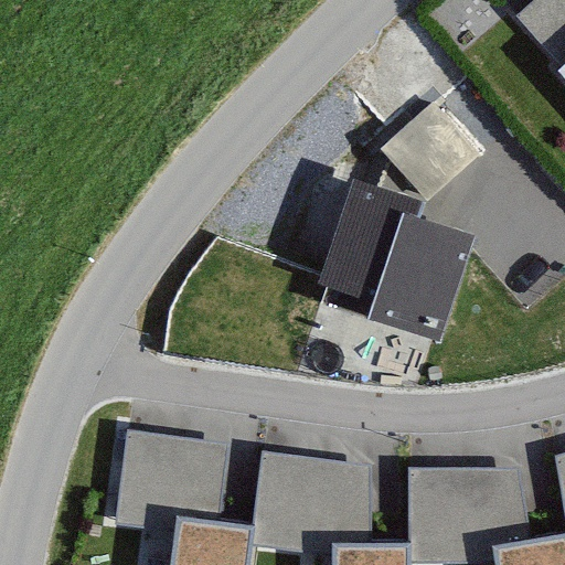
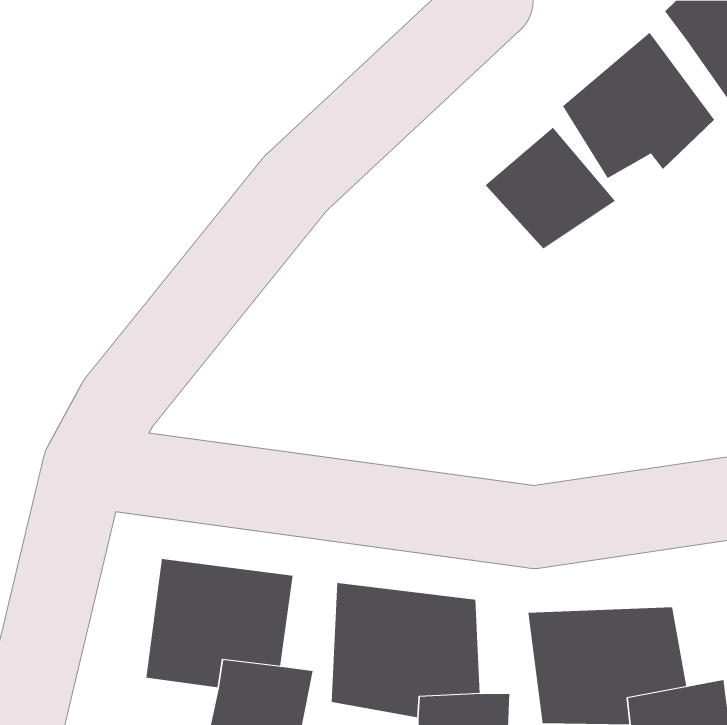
building: none -> [562,32,715,179]
building: [298,171,475,339] -> none

